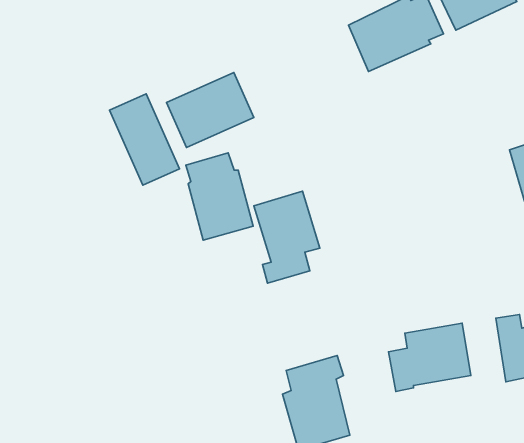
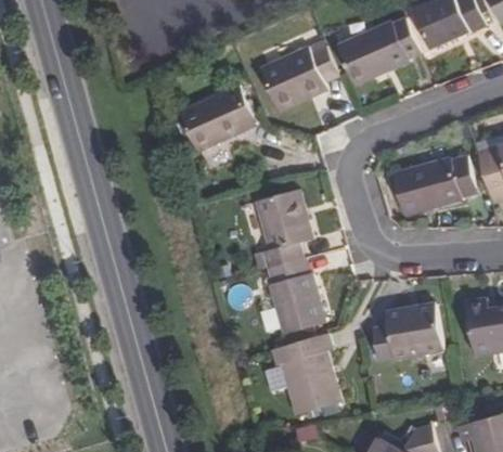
building: none -> [259,41,338,111]
building: [109,94,180,185] -> none
building: none -> [390,156,474,216]
building: [186,153,253,240] -> [267,259,325,335]

